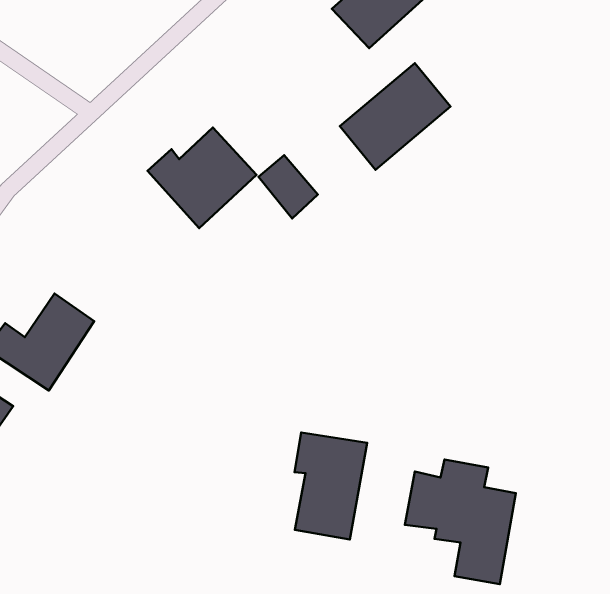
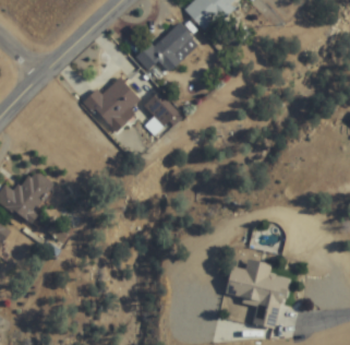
building: [340,63,451,170] -> [137,21,198,80]
building: [294,433,367,540] -> none

